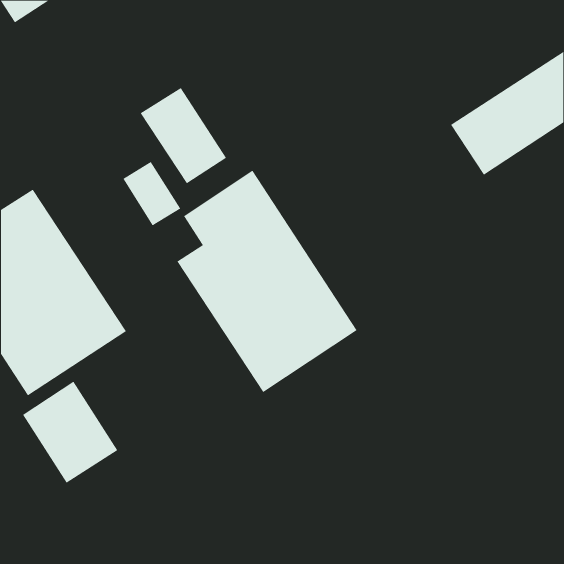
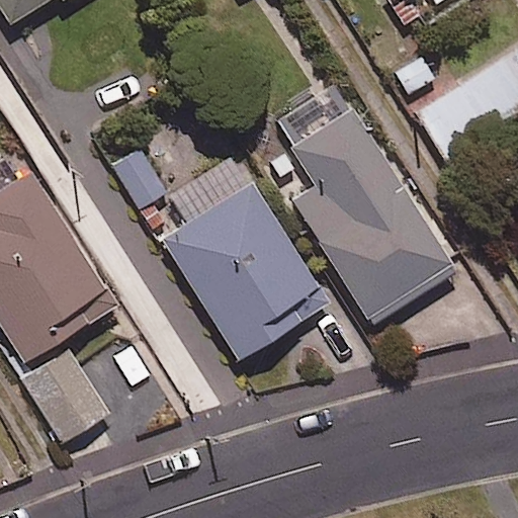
building: [140,87,227,184] -> none
building: none -> [290,107,455,325]

